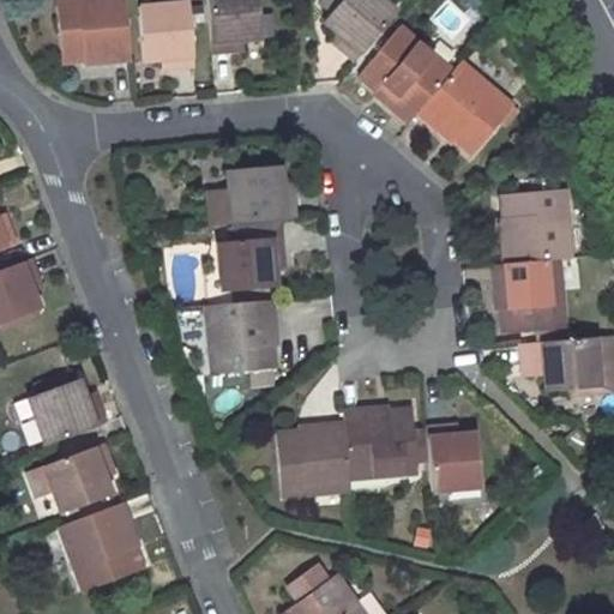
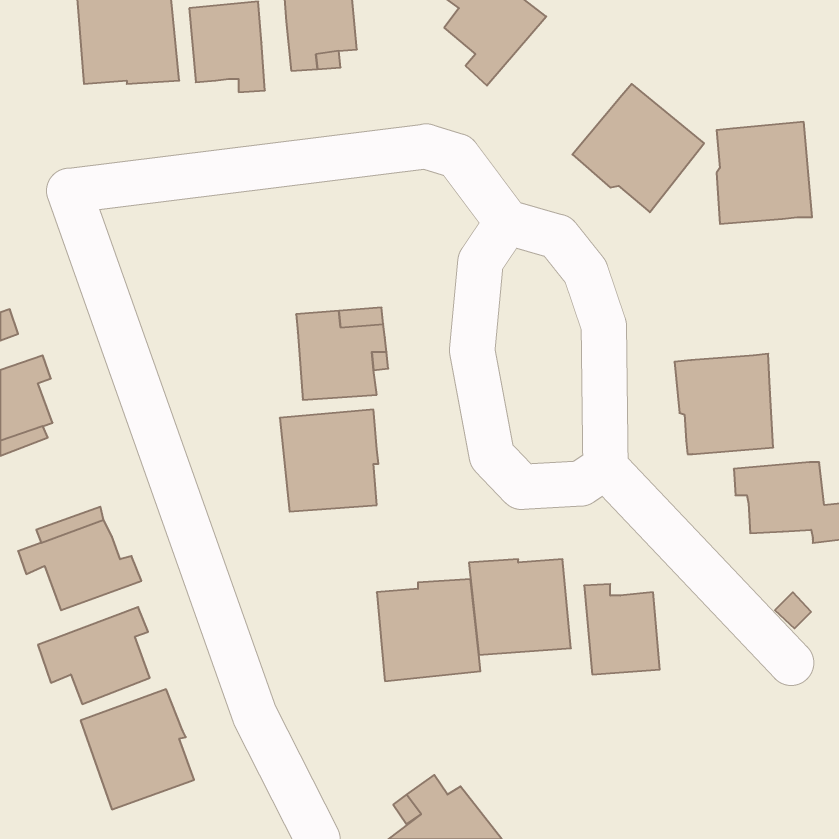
building: [362,26,455,122] -> none
building: [201,167,295,223] -> none
building: [502,188,572,263] -> [717,122,812,224]

